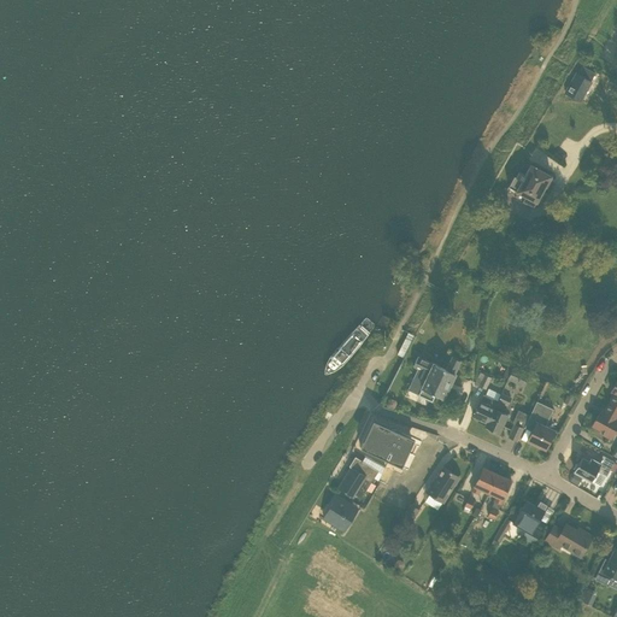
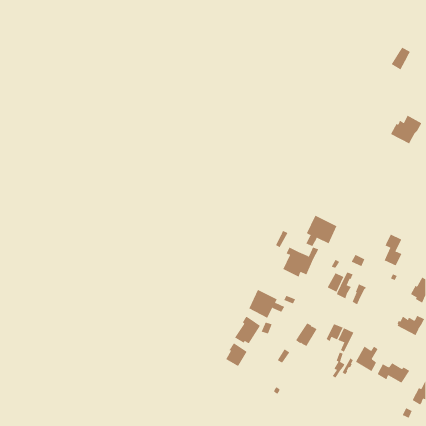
building: [506,164,552,206] -> [390,115,422,144]
building: none -> [305,215,337,247]
building: [528,401,554,448] -> [384,234,402,266]

